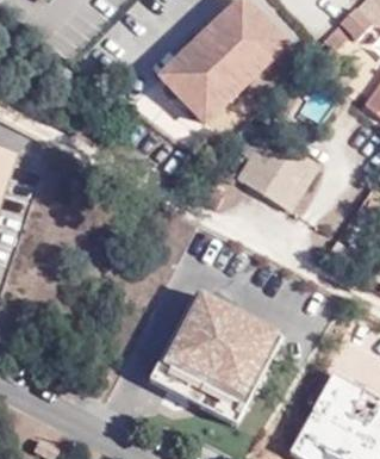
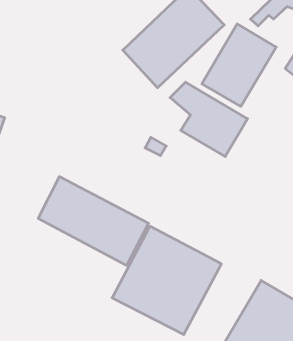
building: none -> [202,24,276,106]
building: none -> [38,177,149,265]

